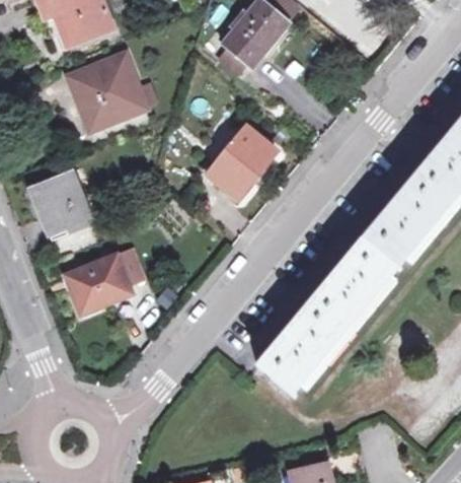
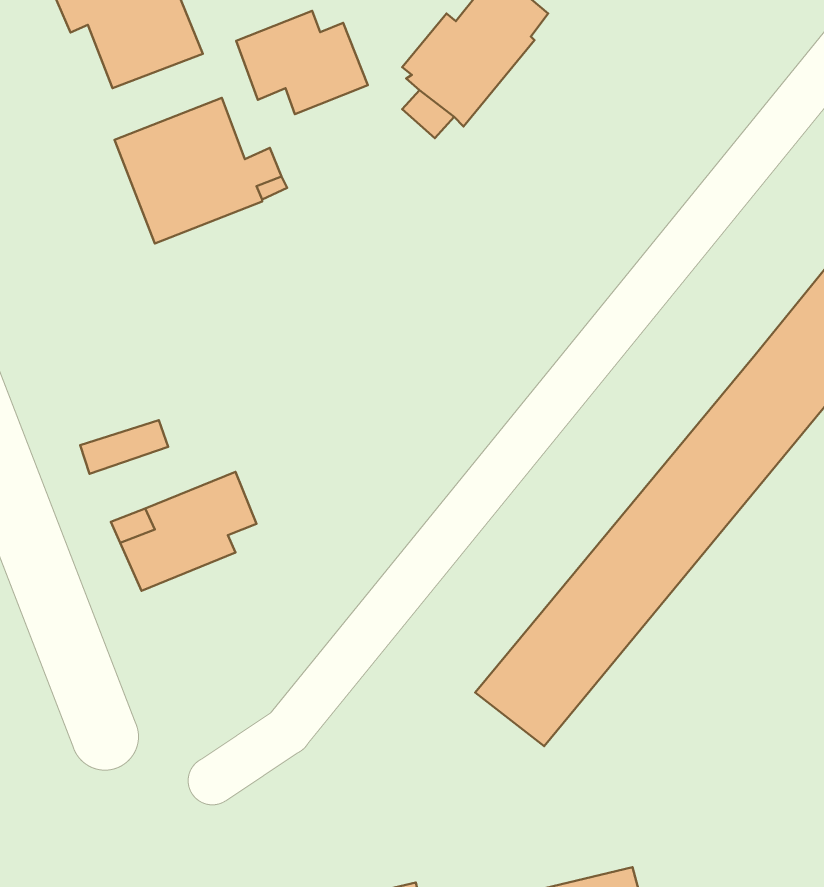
building: none -> [236,11,368,114]
building: [209,127,277,198] -> none
building: [33,174,89,232] -> none

